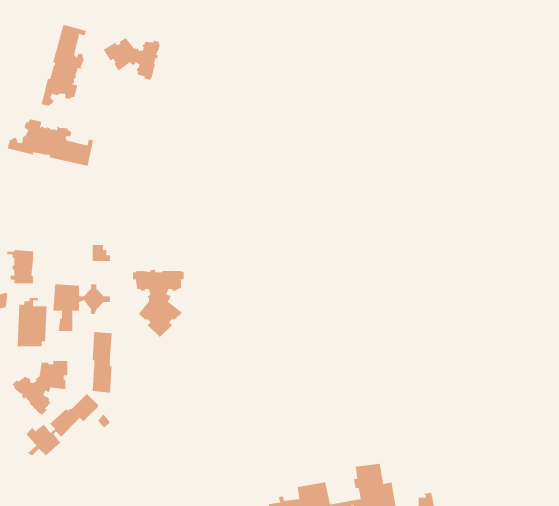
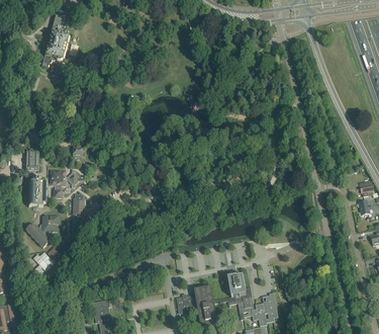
building: [103,37,160,81] -> none
building: [7,119,94,167] -> none
building: [133,269,184,338] -> none

